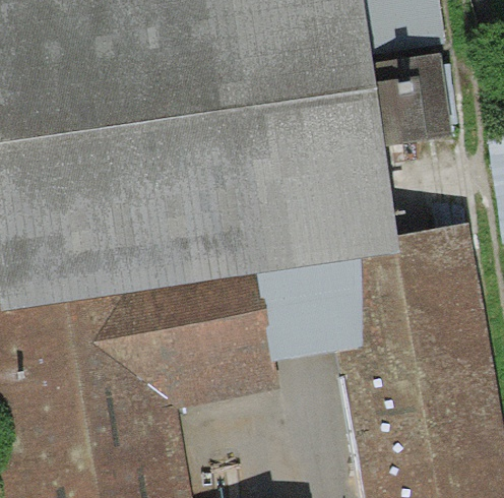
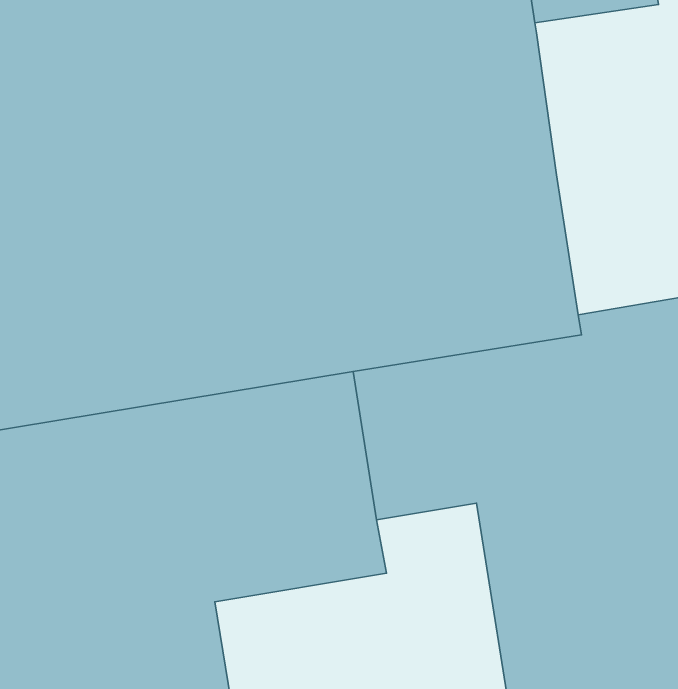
building: [374,52,453,147] -> none

